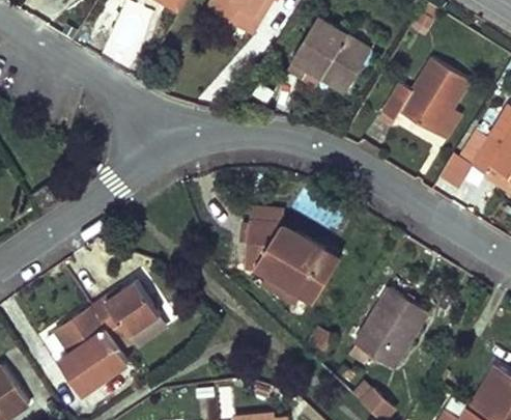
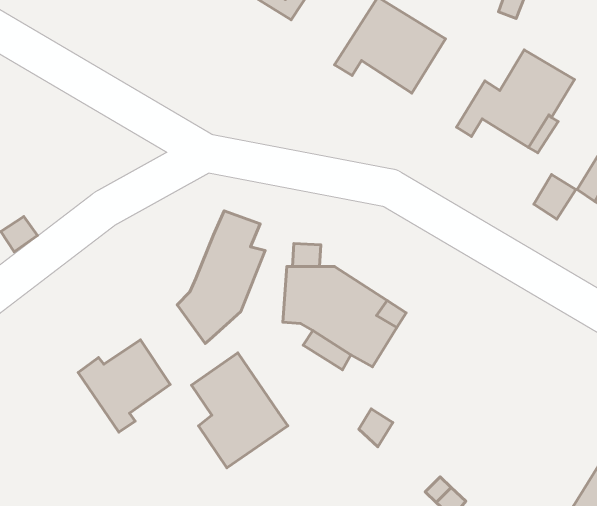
building: none -> [177,211,265,344]
building: [354,288,427,368] -> none
building: [55,305,129,393] -> [192,353,288,468]

